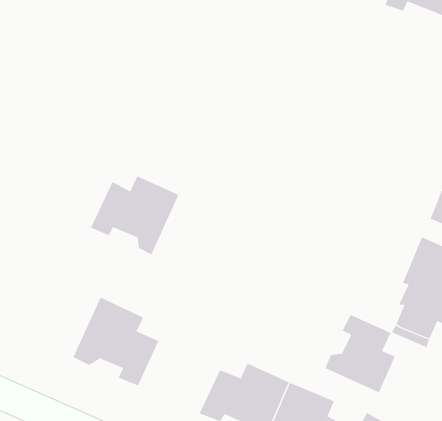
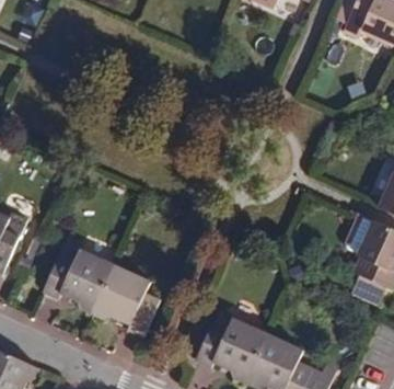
building: [90,176,179,255] -> [46,251,117,314]
building: [325,314,395,393] -> none

